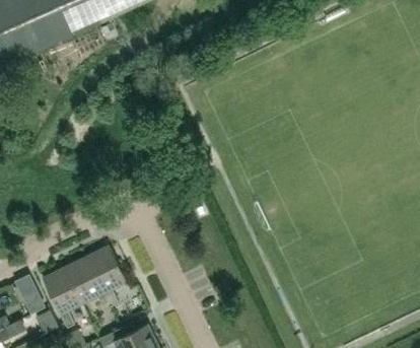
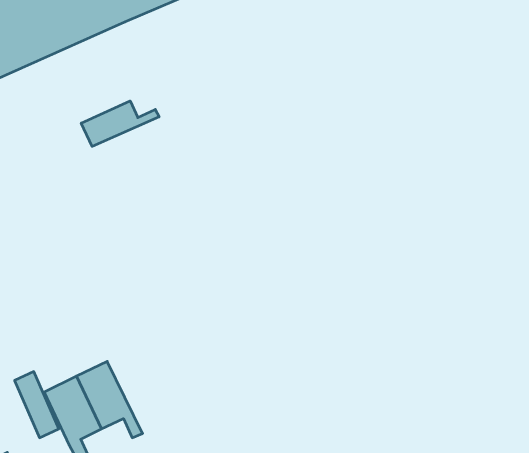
building: none -> [81,101,159,146]
building: [86,246,127,306] -> none

